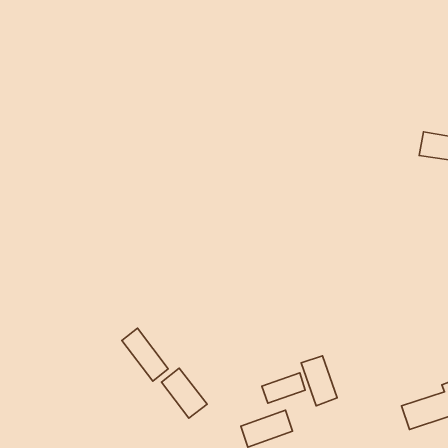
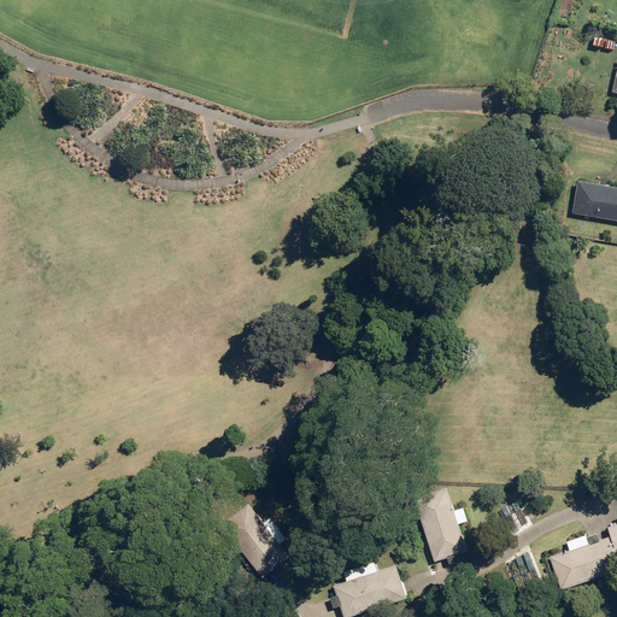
building: [122,328,168,381] -> none
building: [262,373,305,403] -> none

